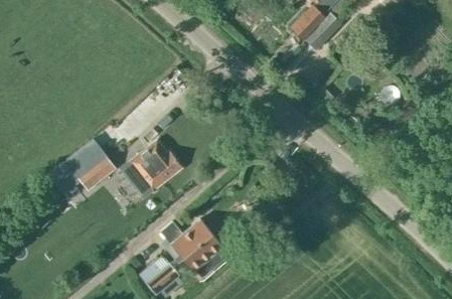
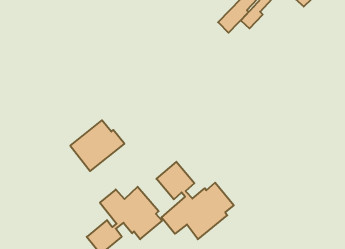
building: [64,141,116,191] -> none
building: none -> [156,162,234,239]

